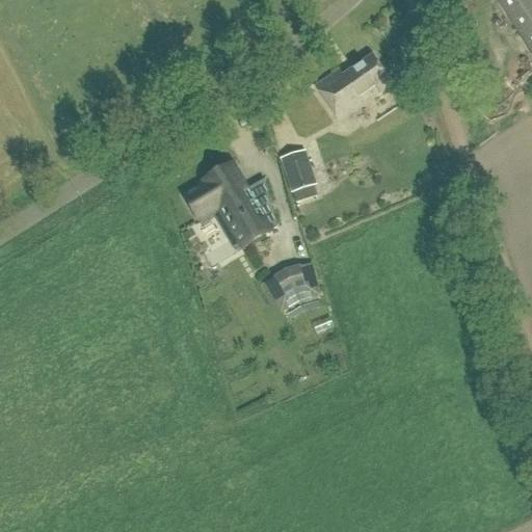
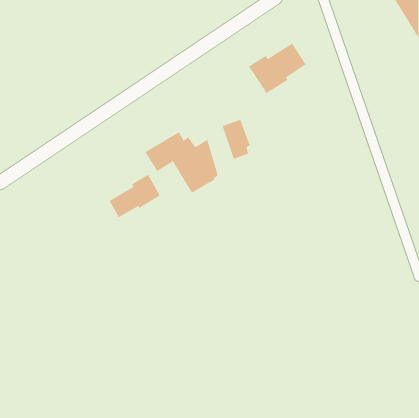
building: none -> [109,174,161,218]
building: [273,266,307,304] -> none

